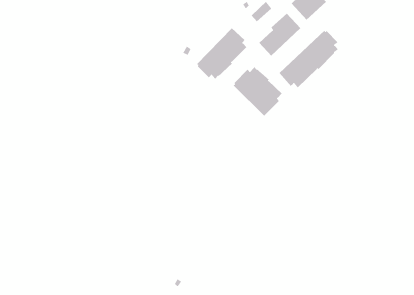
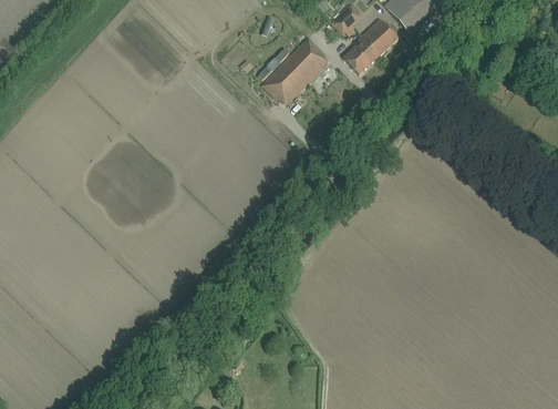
building: [278,29,339,88] -> none
building: [232,66,283,116] -> none

